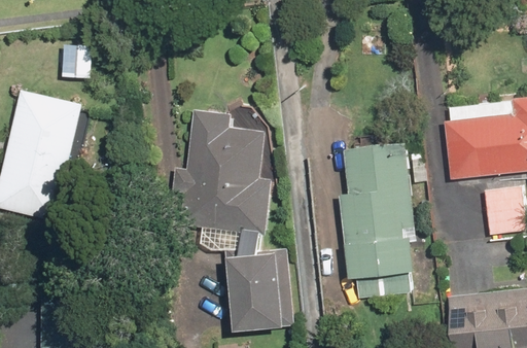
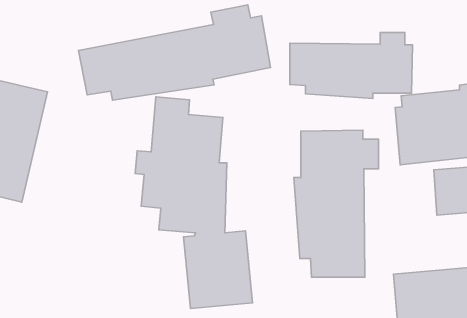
building: none -> [78,5,270,100]
building: none -> [290,33,412,98]

